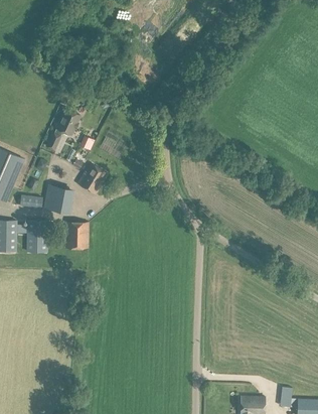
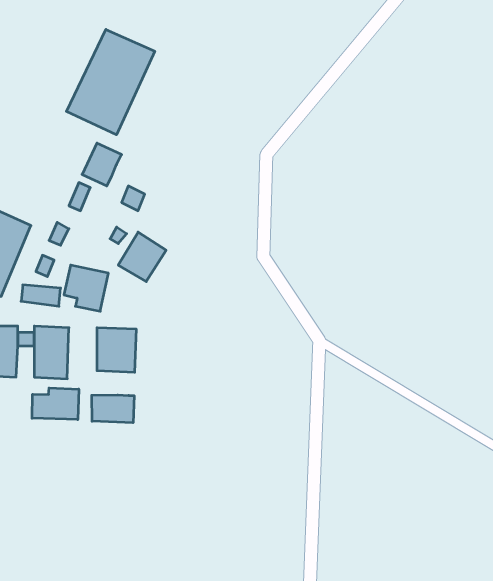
building: none -> [66,29,155,135]
building: none -> [32,388,79,420]
building: none -> [92,395,134,423]

